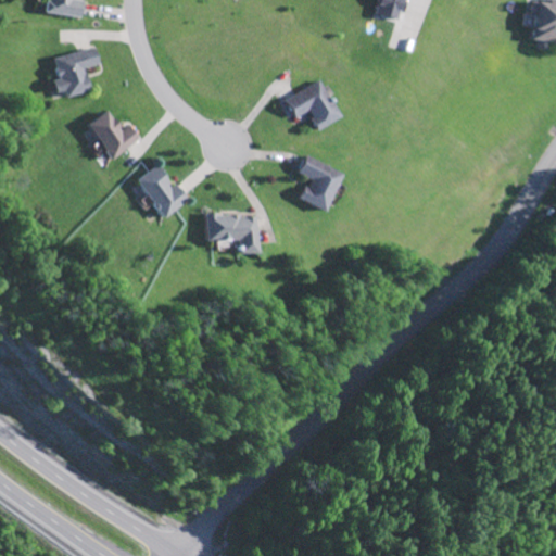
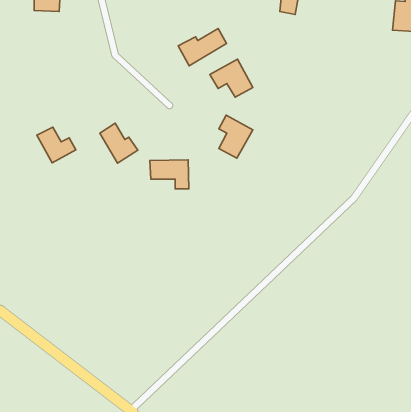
building: none -> [178,29,227,66]
building: [51,48,99,97] -> none
building: [86,111,138,159] -> [37,127,76,163]

